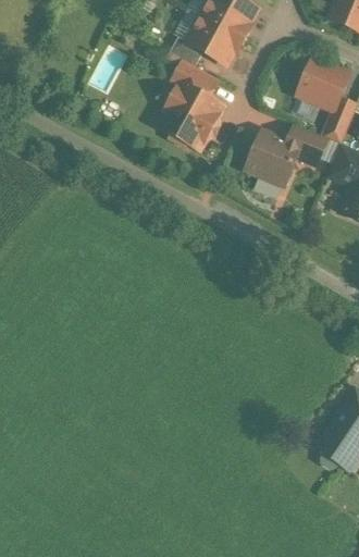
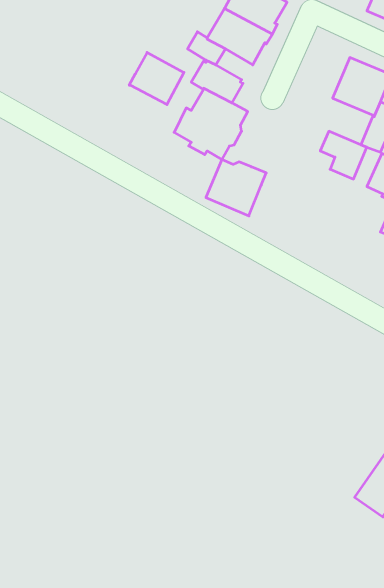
building: none -> [129,52,184,105]
building: [247,135,300,185] -> [206,159,266,216]

